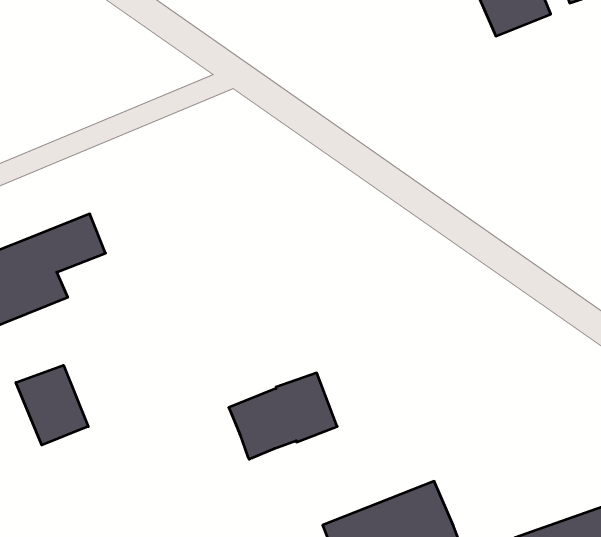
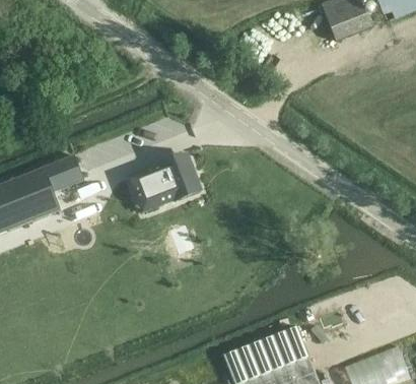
building: [16,365,88,445] -> none
building: [229,373,337,459] -> [131,156,201,212]

